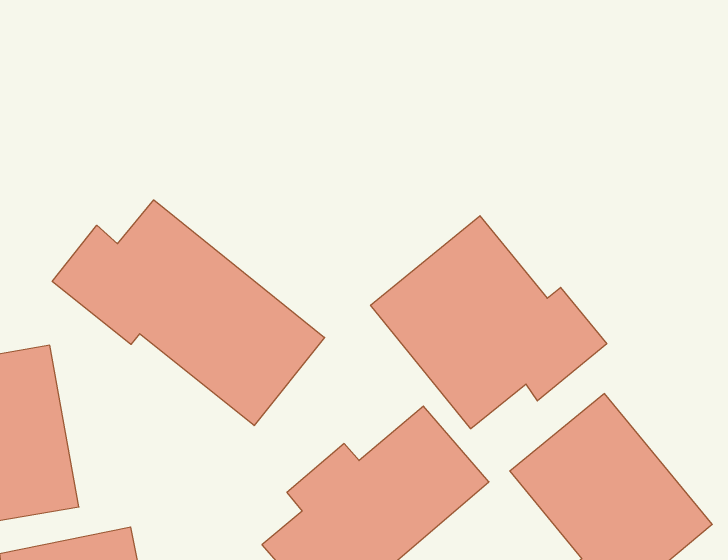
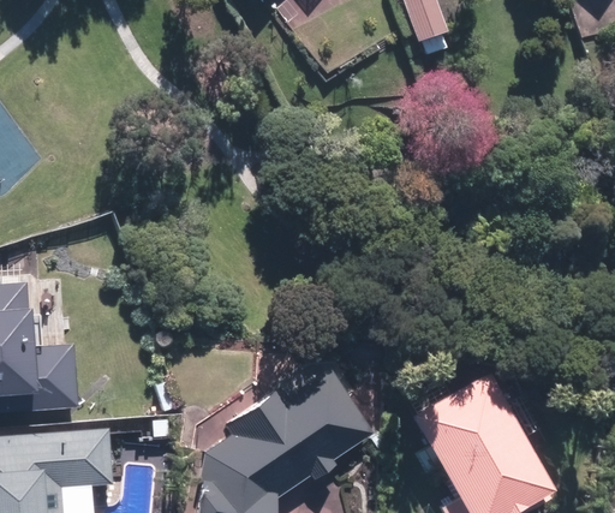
building: [52,200,325,426] -> none
building: [371,216,607,429] -> none

